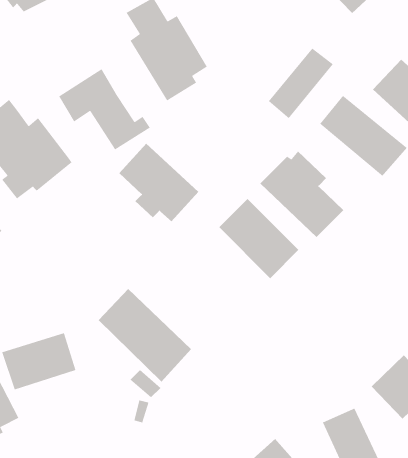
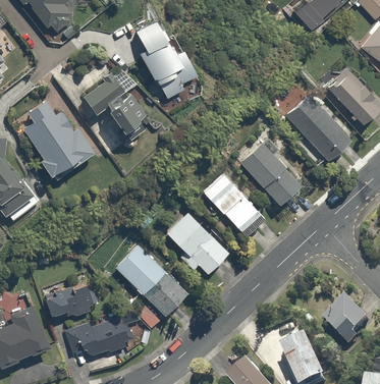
building: [268,47,334,119] -> none
building: [119,143,199,222] -> [165,212,227,273]
building: none -> [65,317,128,365]

